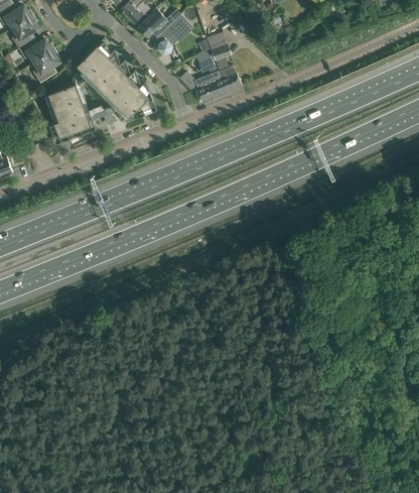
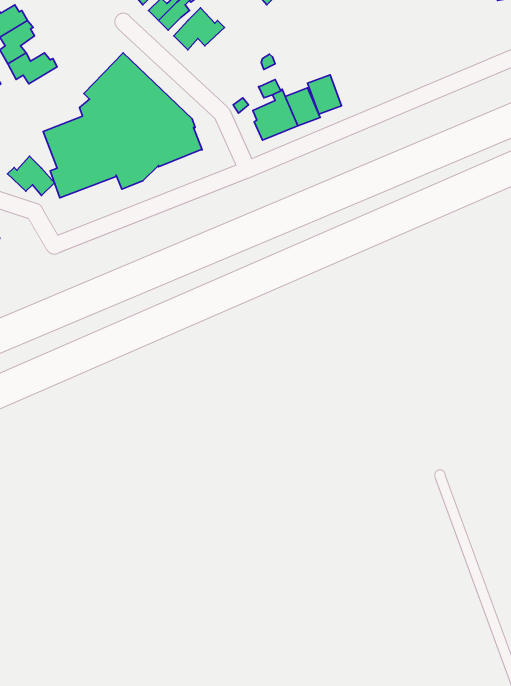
building: [155,15,185,52] -> none
building: [207,30,232,58] -> [308,75,341,114]
building: [33,48,59,82] -> none
building: none -> [8,156,54,195]

